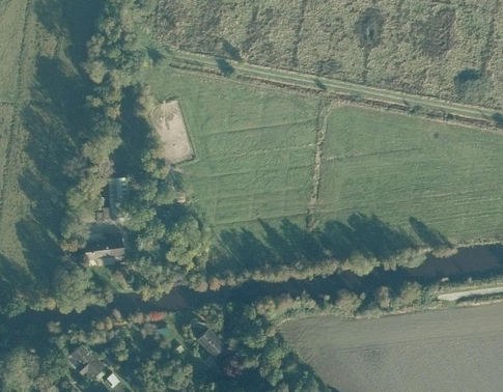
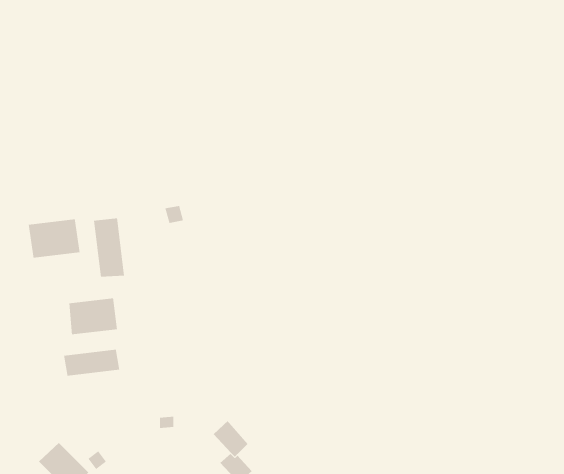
building: none -> [28,219,80,259]
building: none -> [64,349,120,376]

